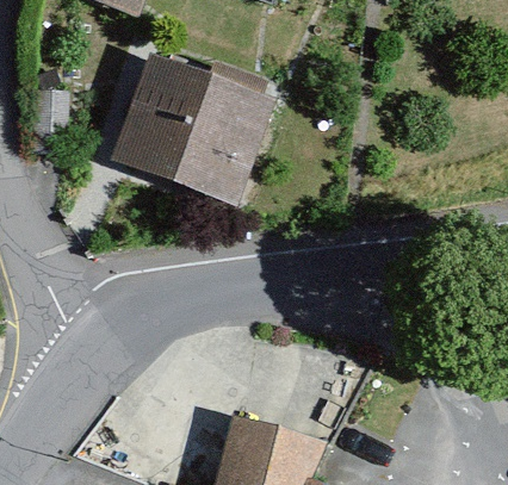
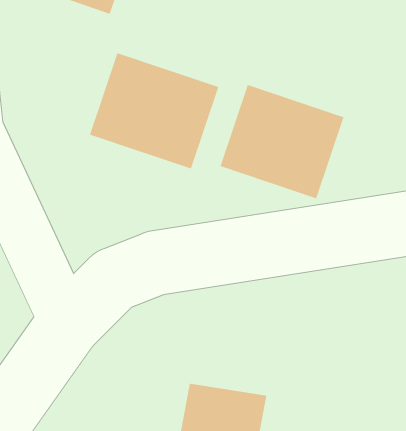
building: none -> [220,84,344,199]

